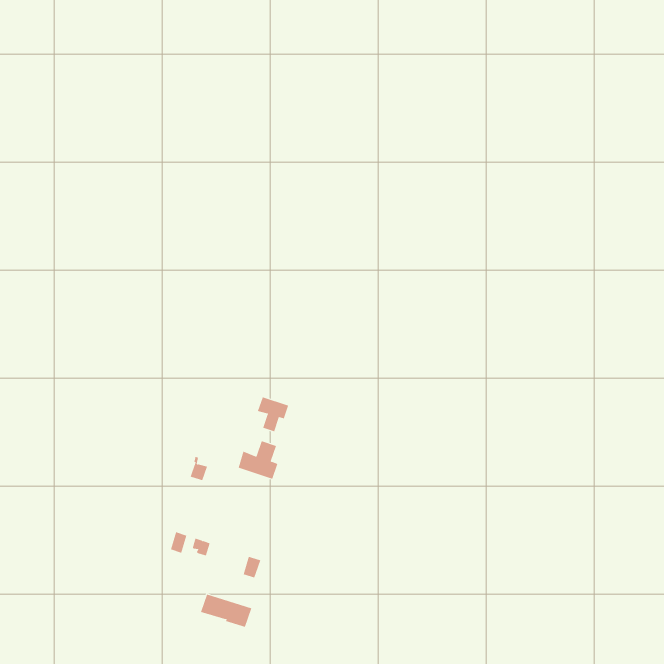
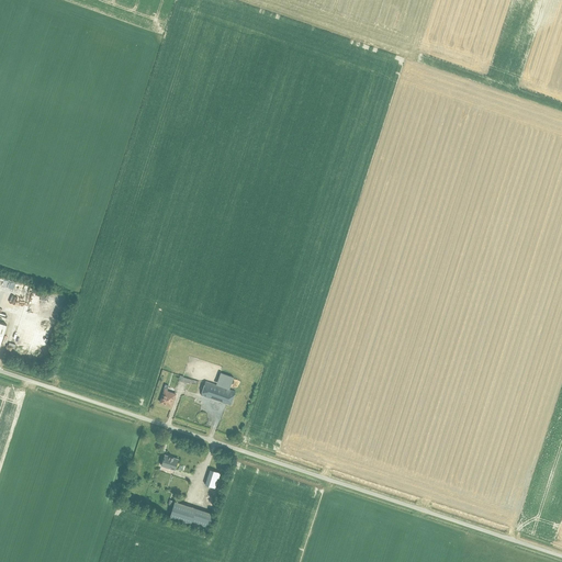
building: [257,396,289,432] -> none

